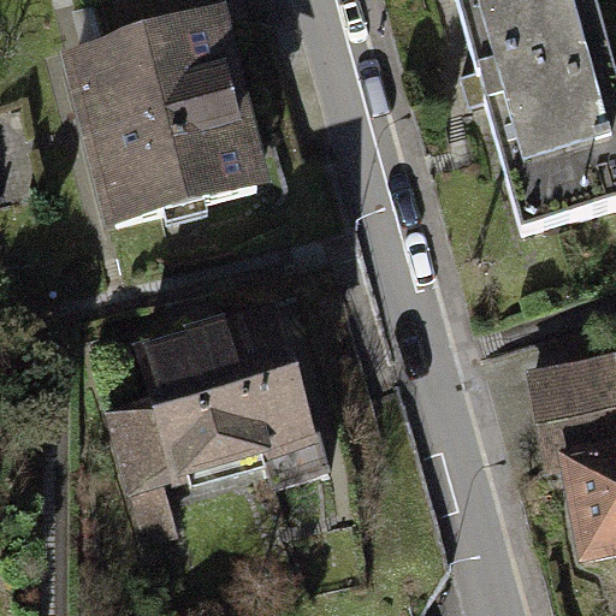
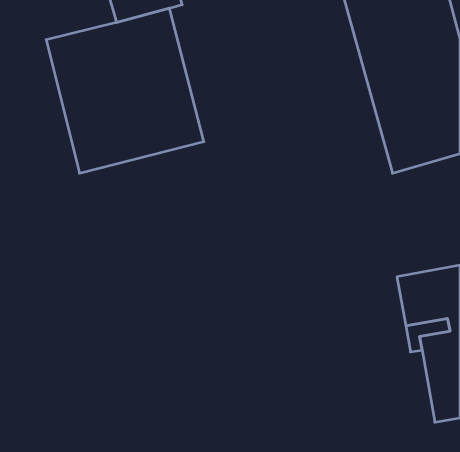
building: [102,304,330,497] -> none

